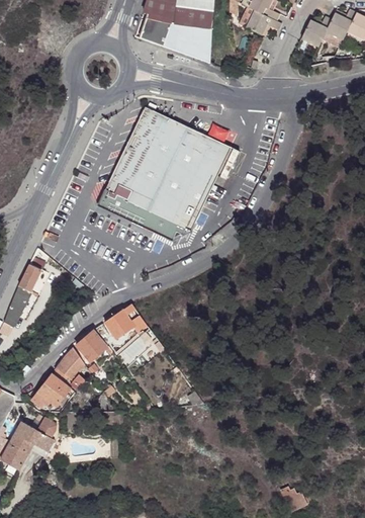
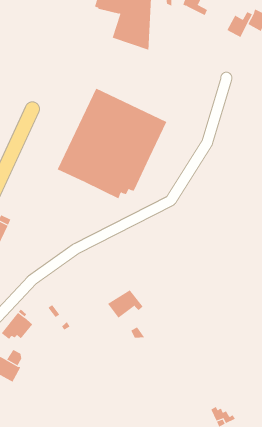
building: [245,9,281,34] -> none
building: [140,12,173,47] -> none
building: [103,305,147,339] -> [107,290,144,318]
building: [76,328,112,362] -> none
building: [56,348,85,380] -> none

